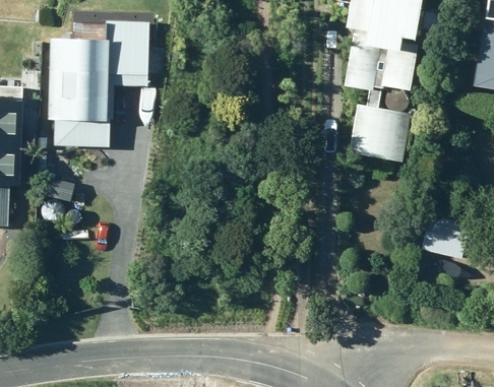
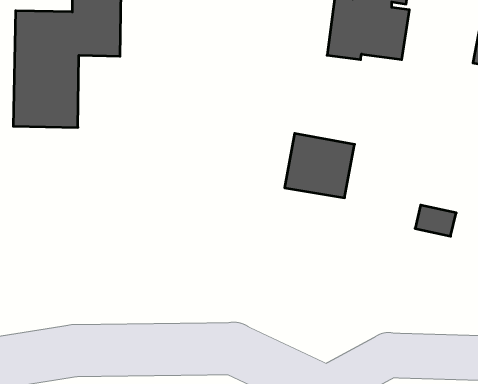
building: [345,100,409,158] -> [285,133,355,198]

